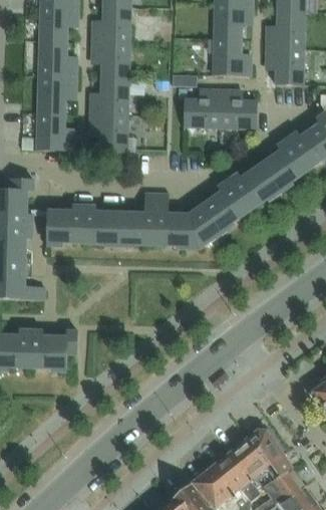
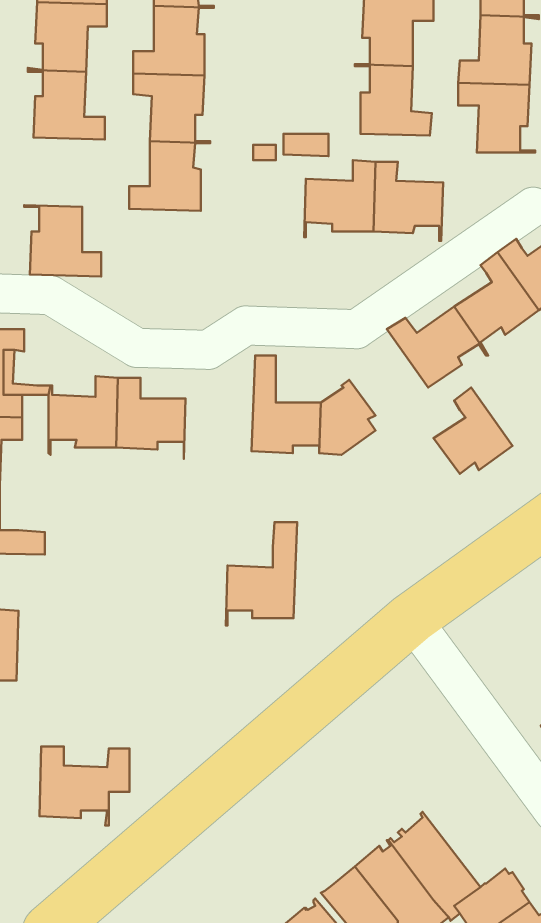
building: [33,76,76,113] -> none
building: [89,114,130,152] -> none
building: [207,179,249,225] -> [434,387,513,474]
building: [118,193,156,248] -> [226,522,297,626]
building: [29,329,77,371] -> [39,747,130,826]
building: [246,430,290,477] -> none

